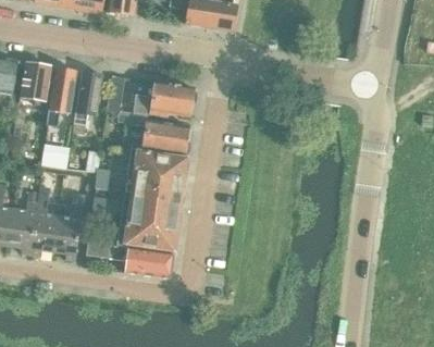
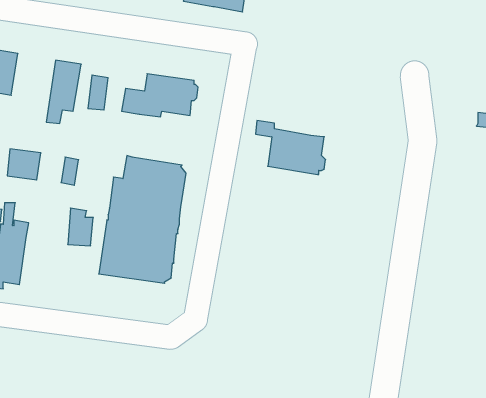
building: [47,66,75,123] -> none
building: [134,112,190,156] -> [256,121,326,174]
building: [52,193,84,260] -> none
building: [87,240,174,277] -> none

